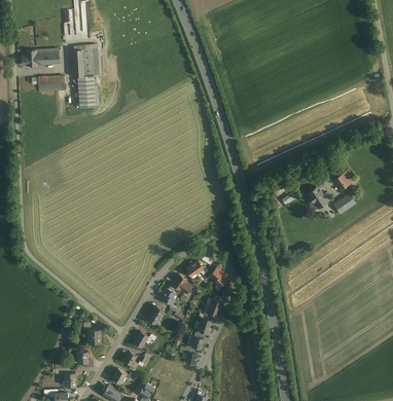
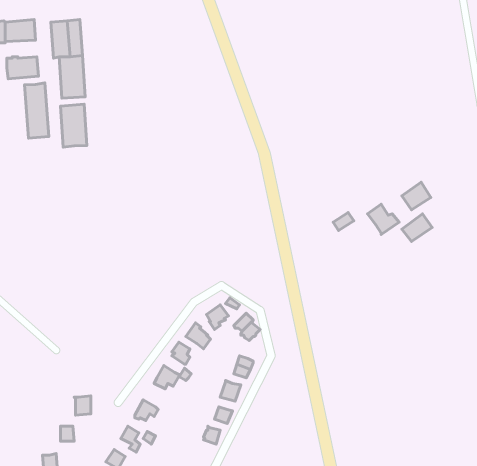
building: none -> [25,83,49,138]
building: none -> [60,104,87,147]

